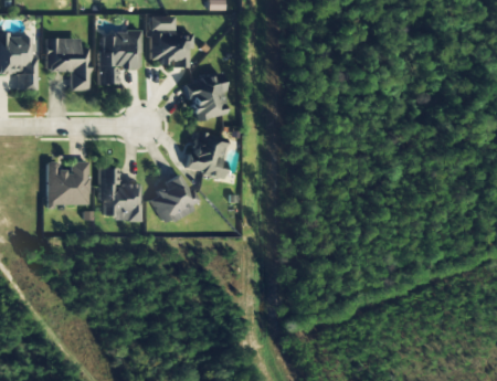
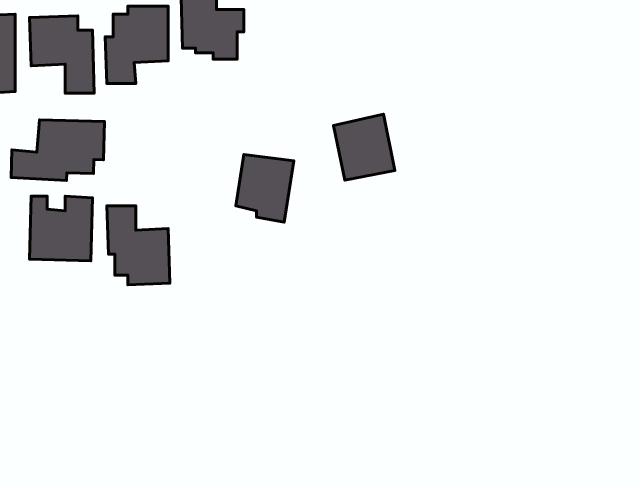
building: [186,74,228,119] -> [334,114,395,180]
building: none -> [11,120,105,180]
building: [148,176,197,224] -> none

